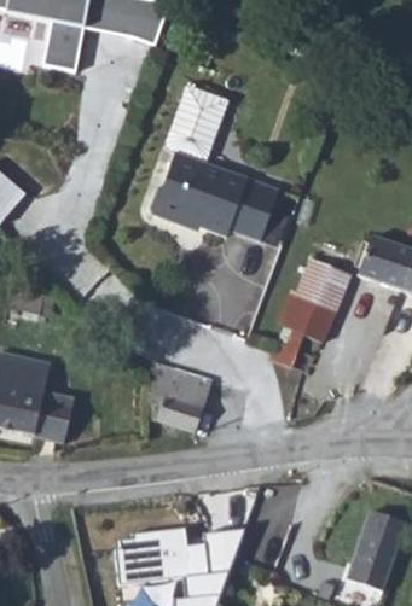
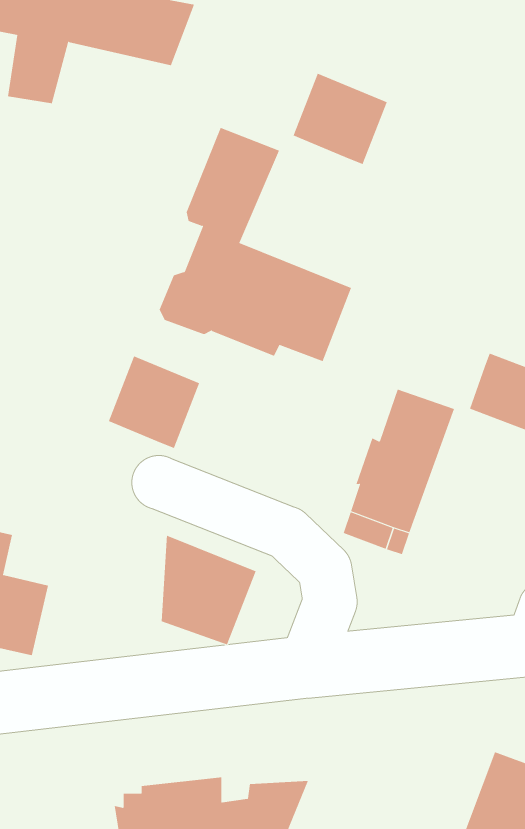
building: none -> [293,73,387,165]
building: none -> [108,355,200,449]

